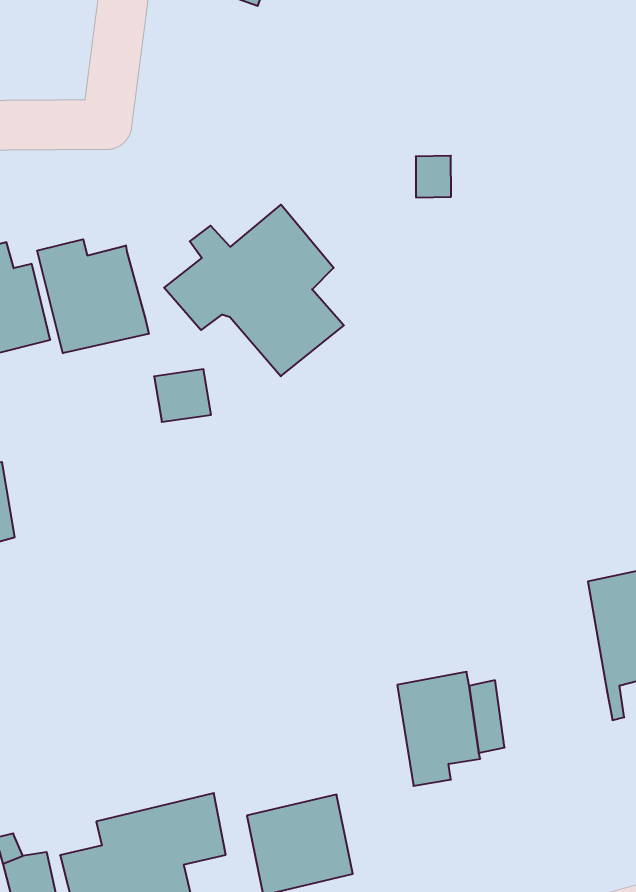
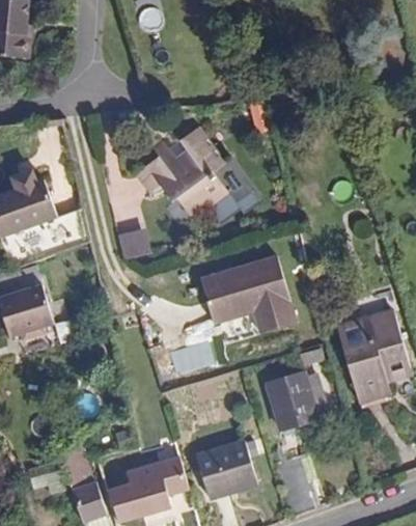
building: [37,239,149,353] -> none
building: none -> [202,257,298,335]
building: none -> [340,317,384,399]

